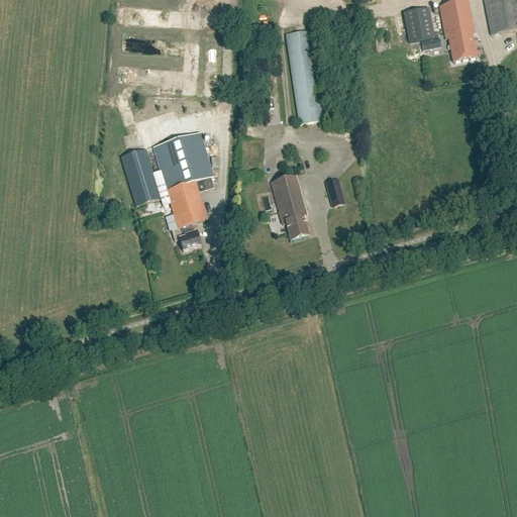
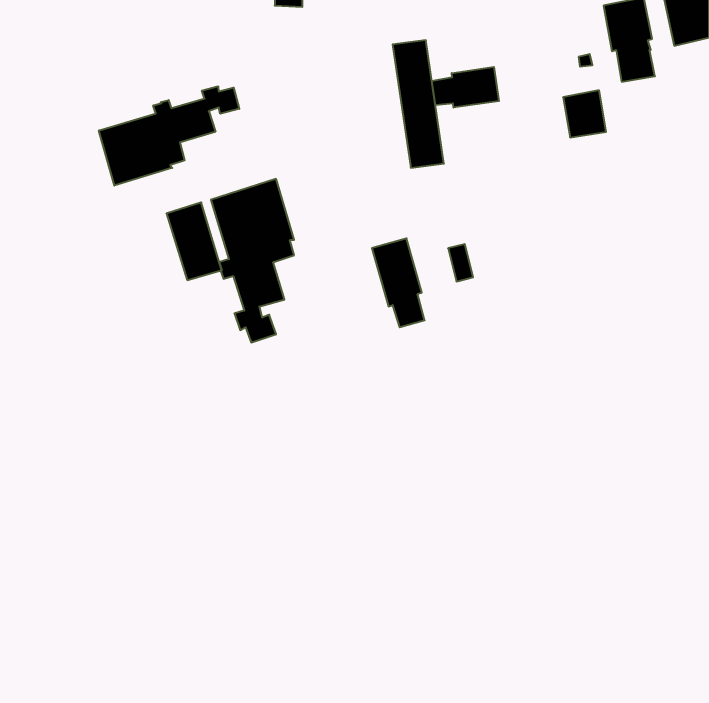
building: [403,6,434,40] -> [563,90,606,137]
building: none -> [432,67,499,108]
building: none -> [99,86,239,186]

